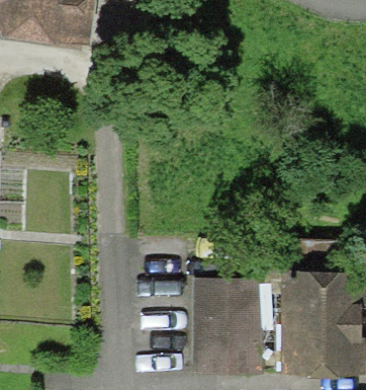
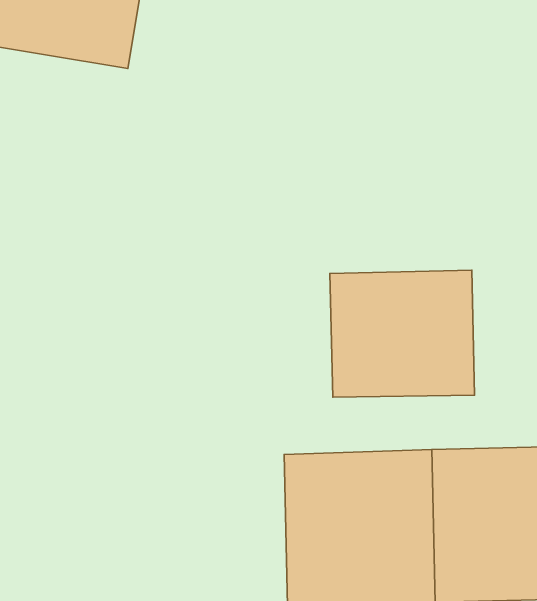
building: none -> [330,270,475,397]

